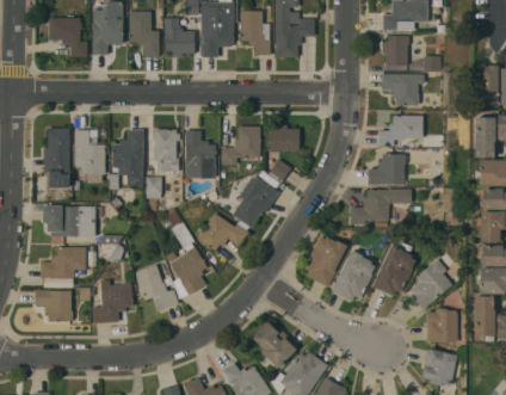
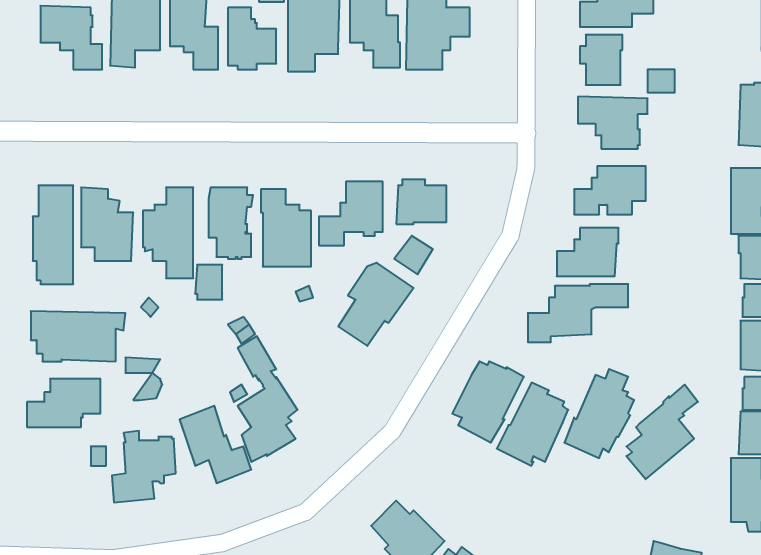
building: [197,212,249,251] -> none
building: [35,289,73,320] -> none
building: [426,308,457,342] -> none

